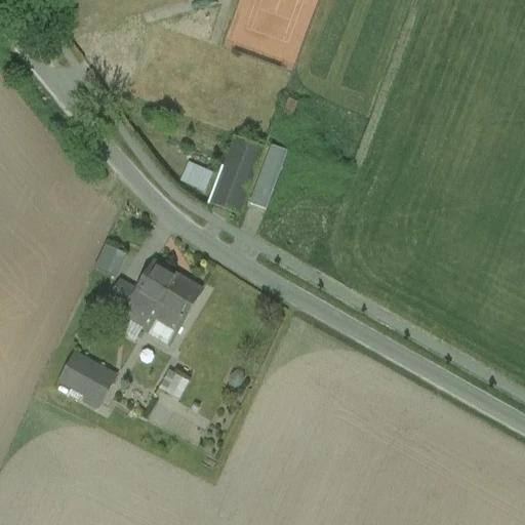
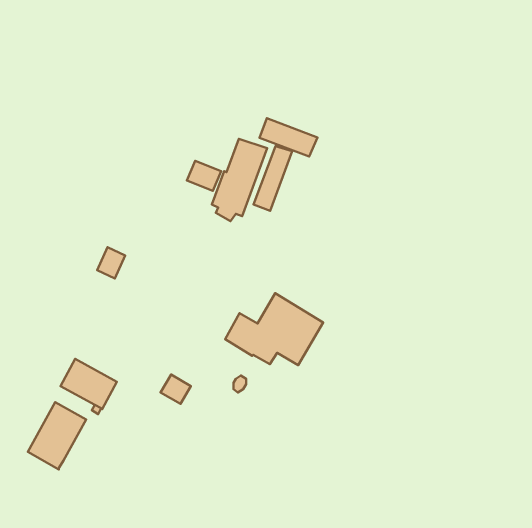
building: none -> [259,118,317,157]
building: [105,259,201,330] -> [225,293,323,365]
building: none -> [28,402,86,469]

